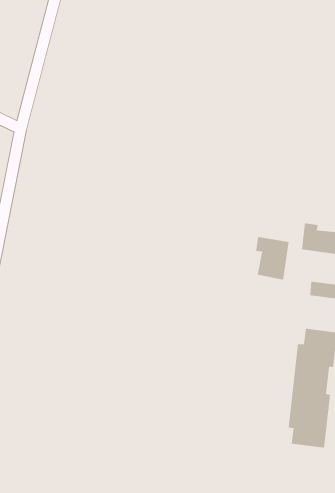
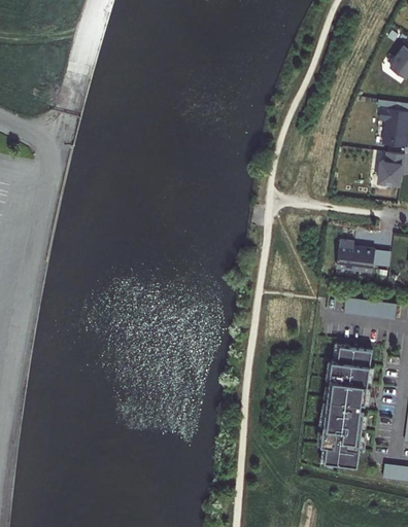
building: [255,236,289,280] -> none

